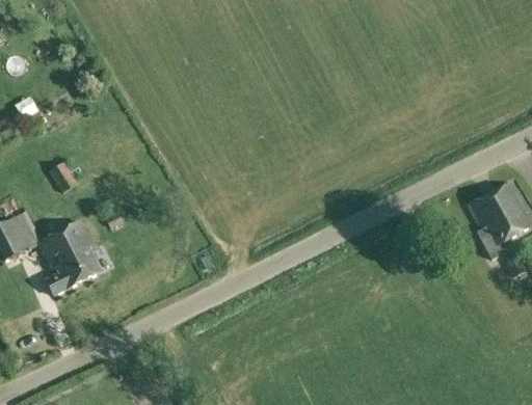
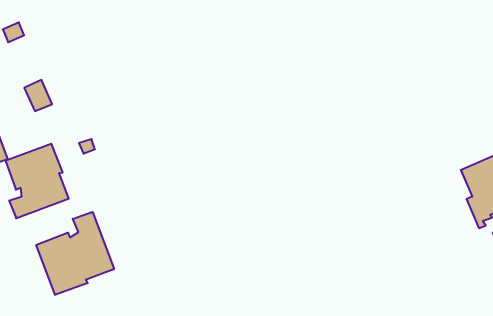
building: none -> [36,212,114,295]

